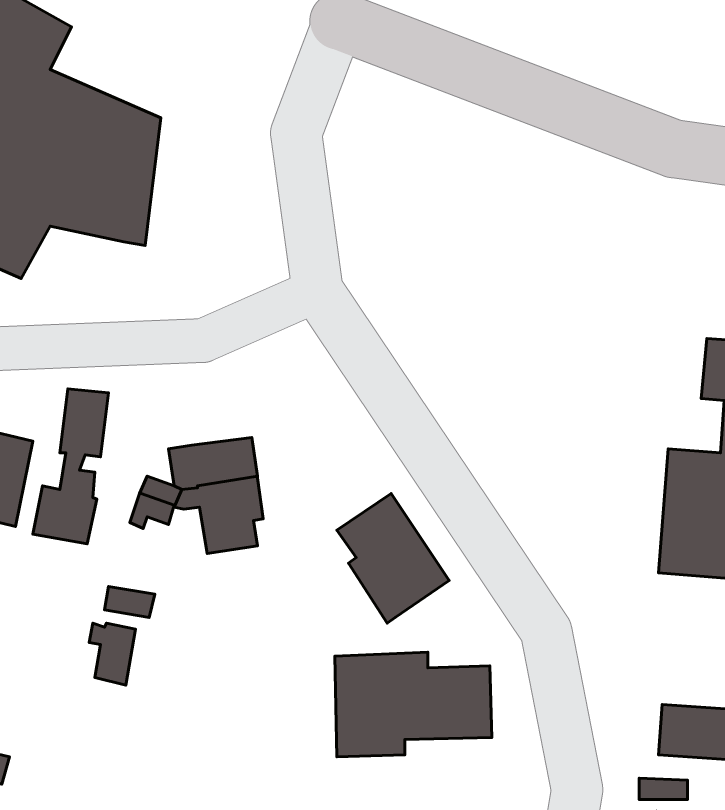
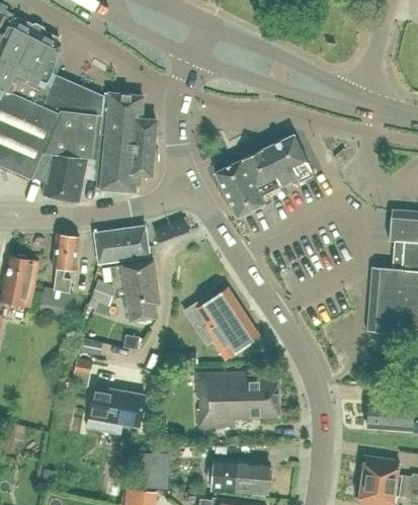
building: none -> [96,94,156,191]
building: none -> [215,136,313,218]
building: none -> [33,151,87,202]
building: none -> [95,227,150,263]
building: none -> [88,388,146,436]

